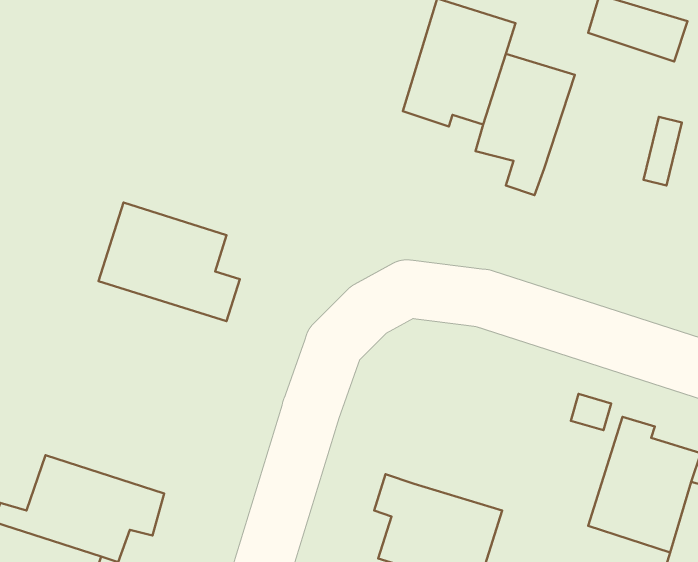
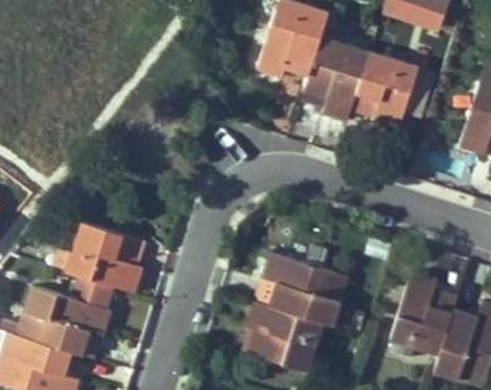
building: none -> [353,50,424,140]
building: [99,203,240,321] -> [66,221,155,295]
building: none -> [263,250,349,326]

